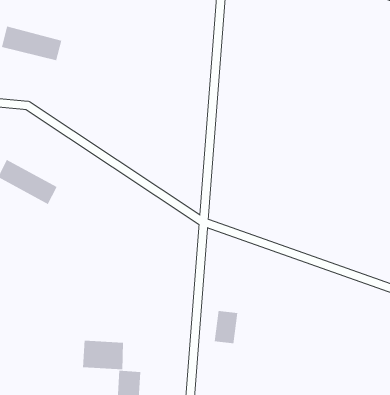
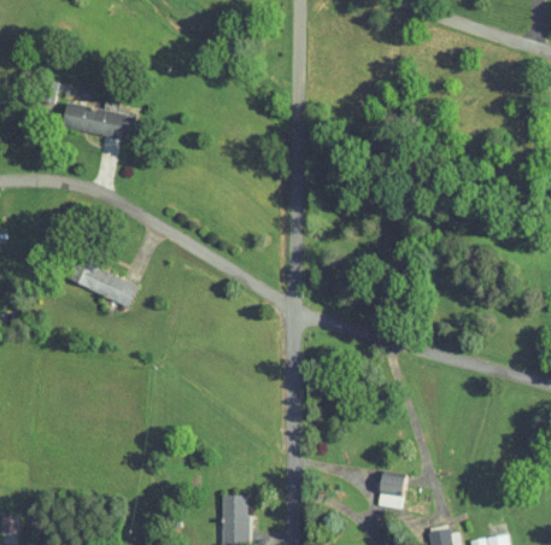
building: [214,311,238,344] -> [379,470,405,508]
building: [82,340,123,370] -> none

